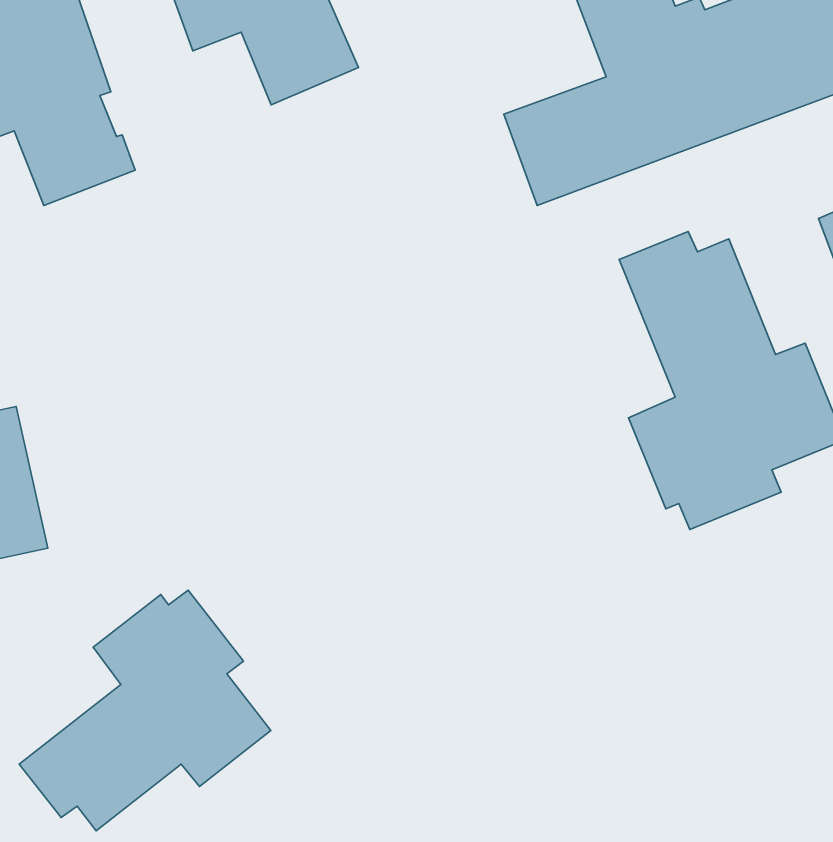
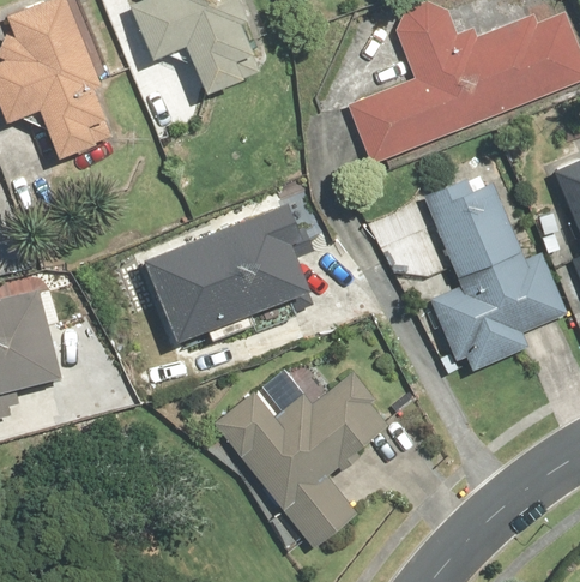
building: none -> [139,205,316,346]
building: none -> [216,370,391,546]
building: [19,590,271,831] -> none

